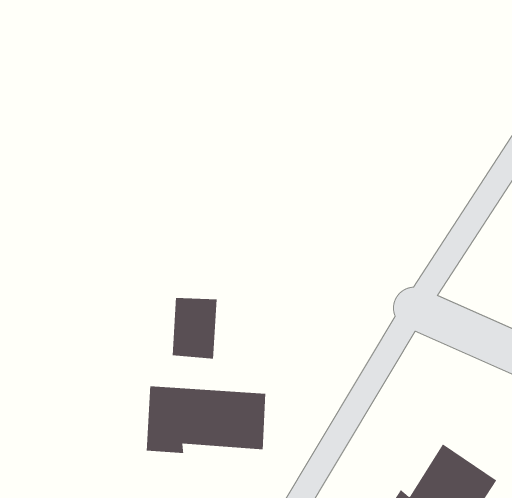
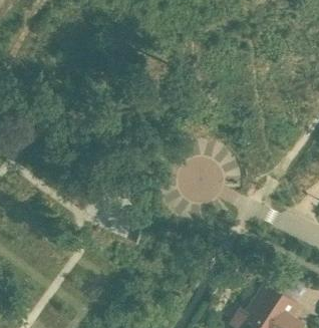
building: [146,386,266,454] -> none

